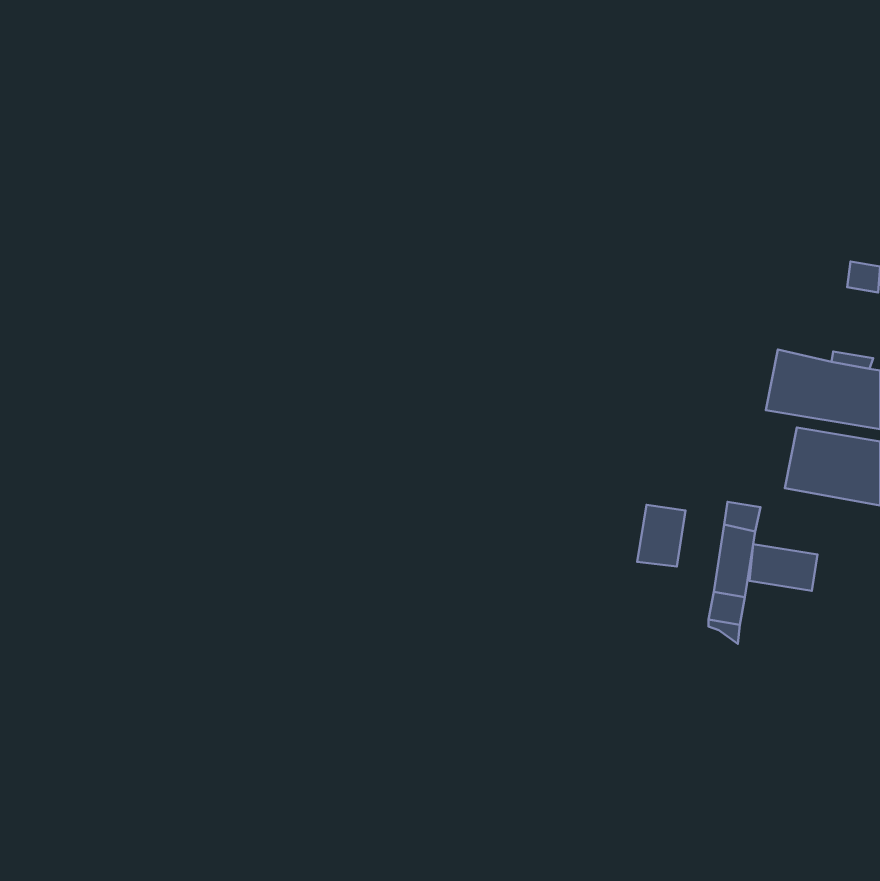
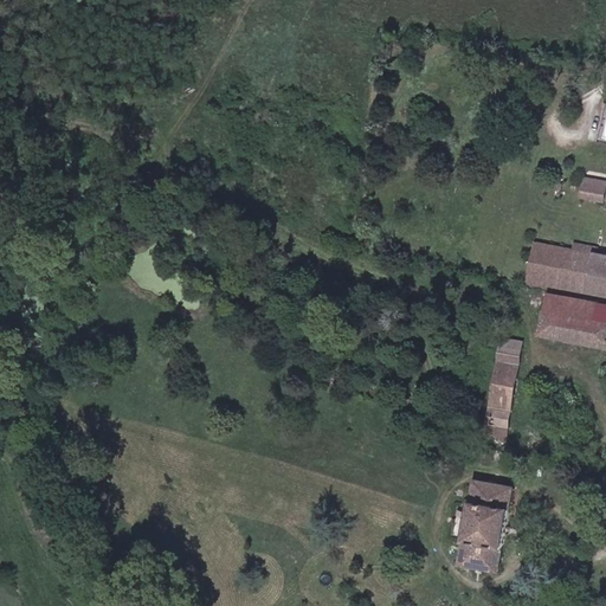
building: [637,505,686,566] -> none
building: [749,544,817,591] -> none
building: none -> [458,479,510,569]

